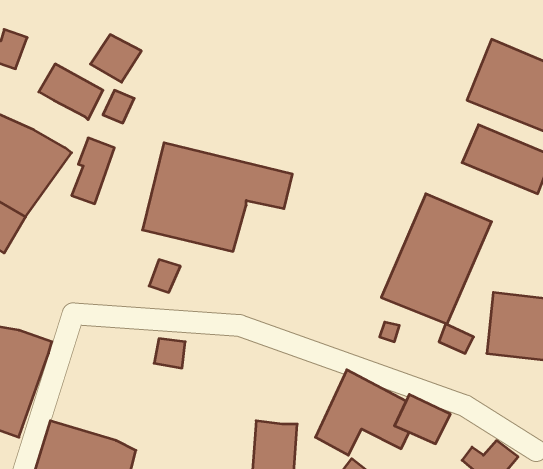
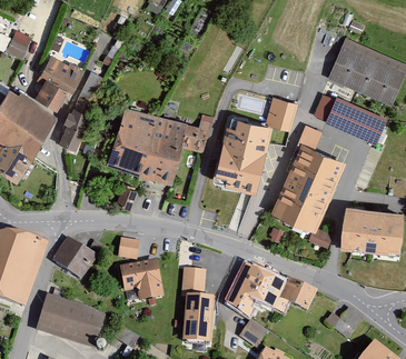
building: [90,35,141,82] -> [36,78,70,110]
building: none -> [212,97,297,189]
building: none -> [53,237,97,278]
building: none -> [119,259,162,300]
building: none -> [182,267,206,289]

